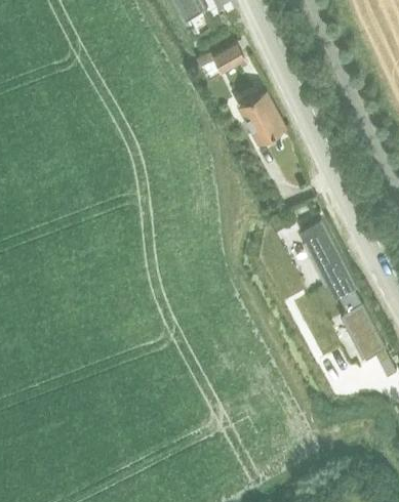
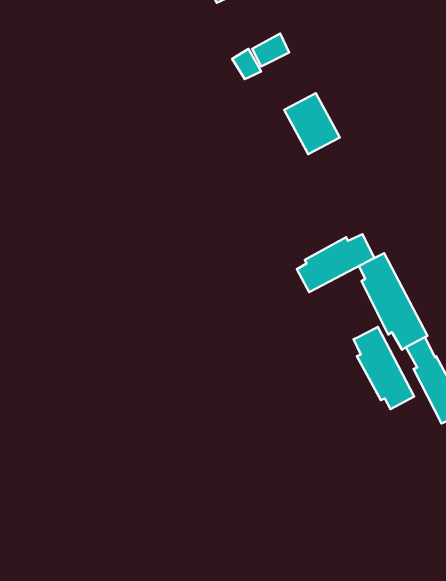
building: none -> [297,234,374,292]
building: none -> [353,327,414,409]

